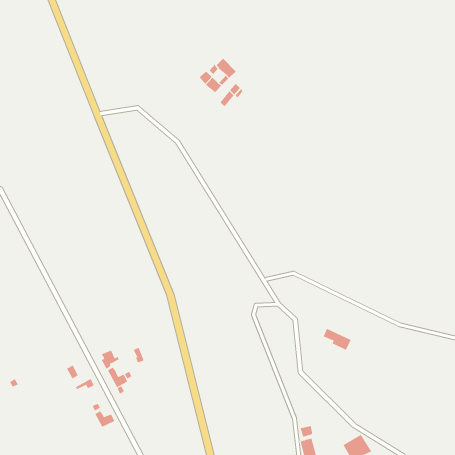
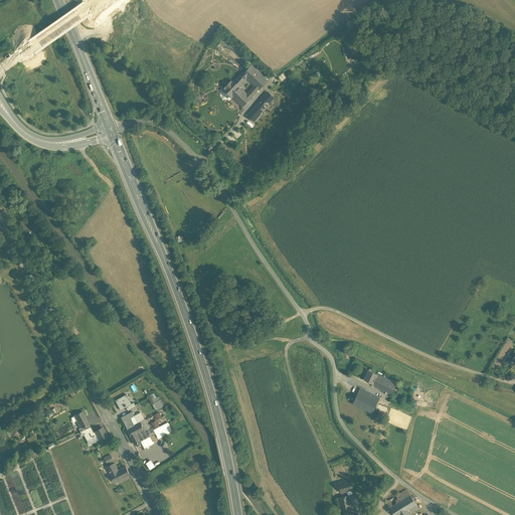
building: none -> [353,389,381,414]

